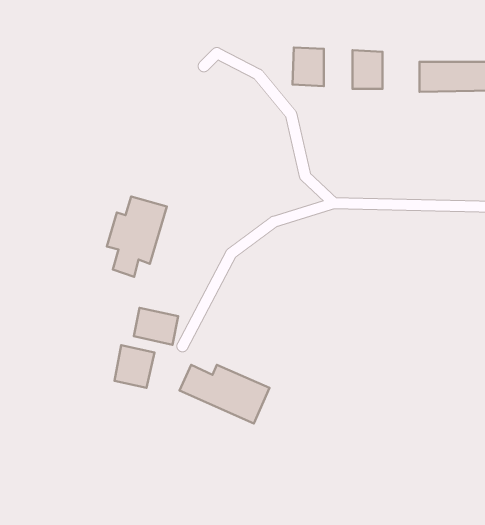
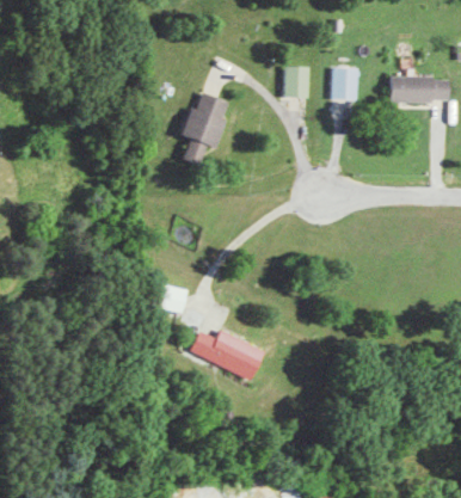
building: [107,197,167,277] -> [180,93,230,160]
building: [115,345,154,388] -> none

